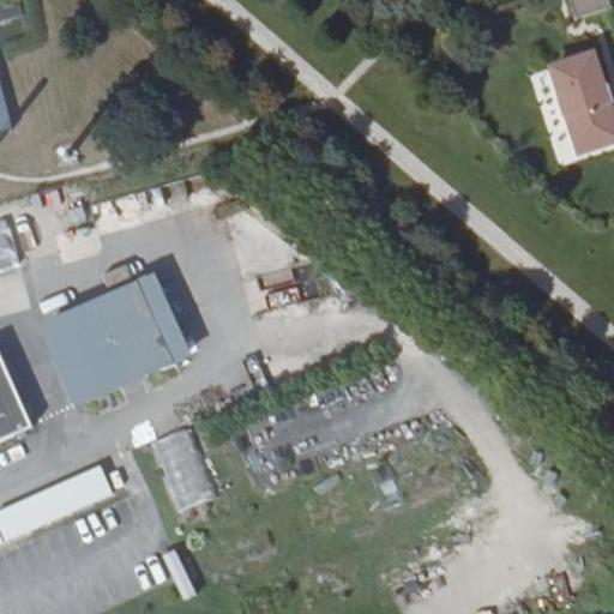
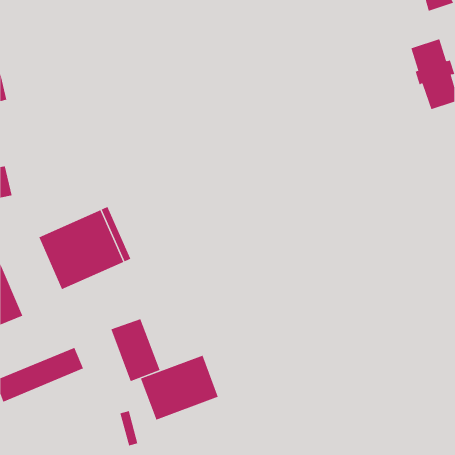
building: none -> [140,355,219,421]

